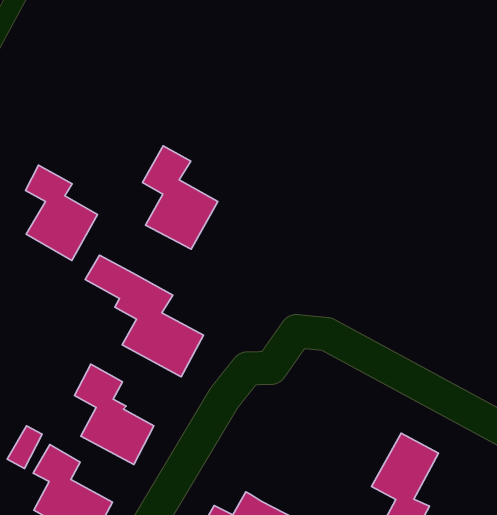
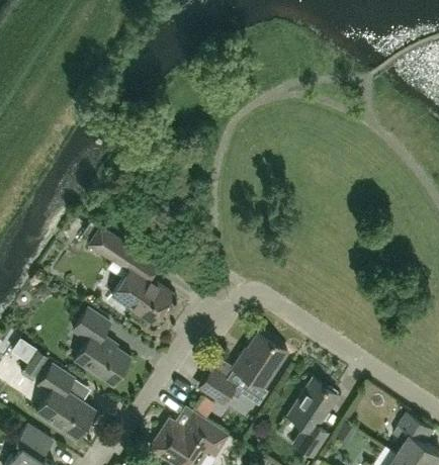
building: [143,146,218,249] -> none
building: [26,165,97,261] -> none
building: none -> [199,333,288,405]

